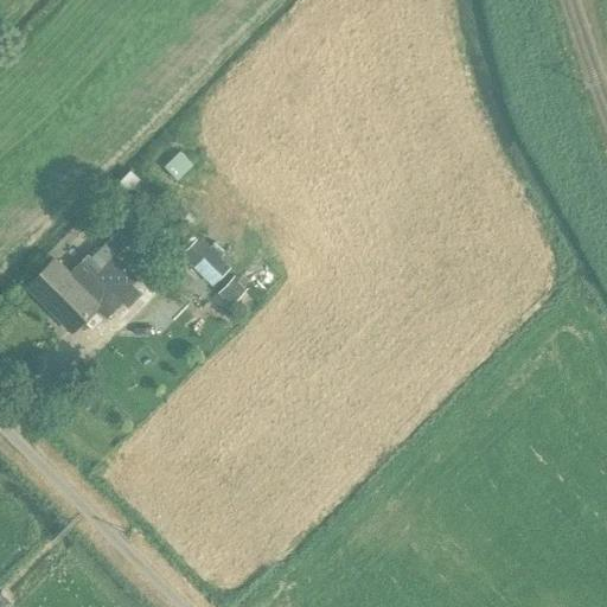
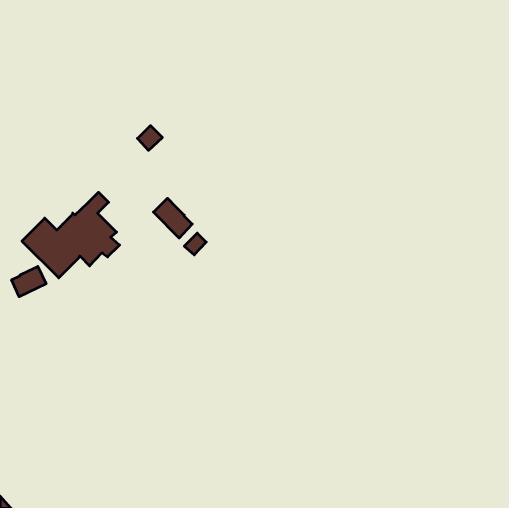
building: none -> [12,266,46,297]

